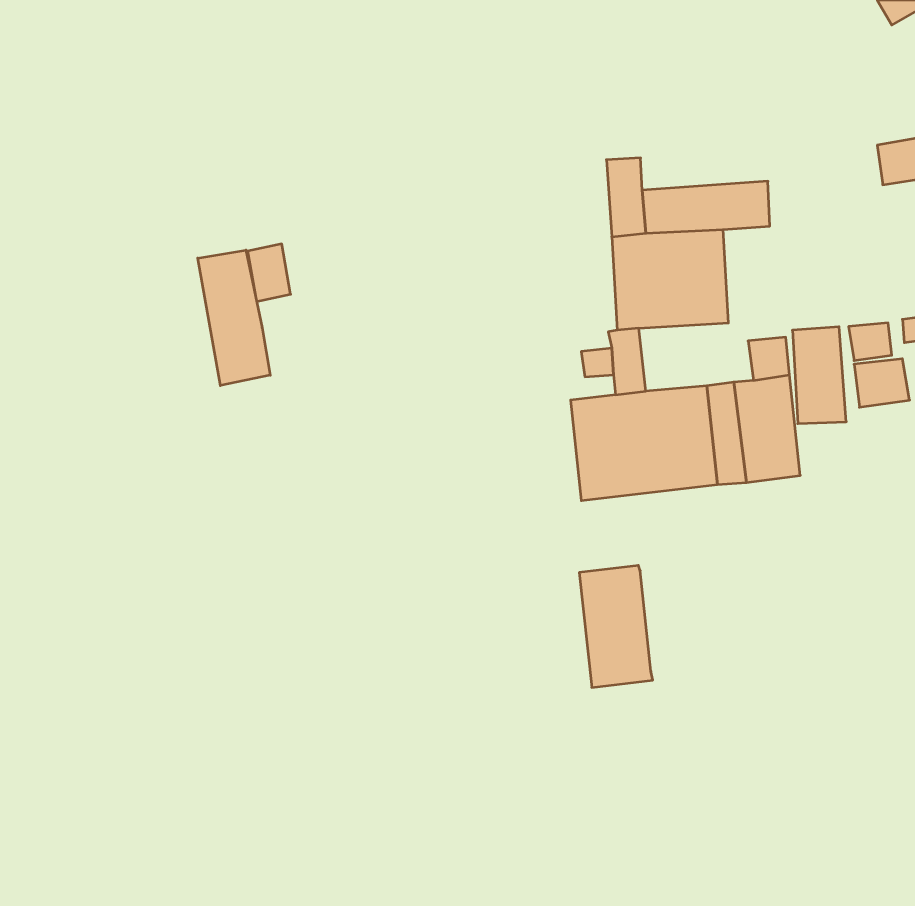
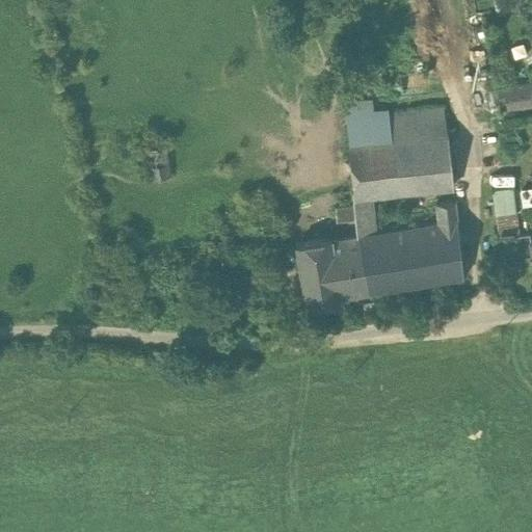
building: [198,250,270,386] -> none
building: [792,327,846,424] -> [420,137,451,193]
building: [579,565,653,687] -> [296,235,339,305]

